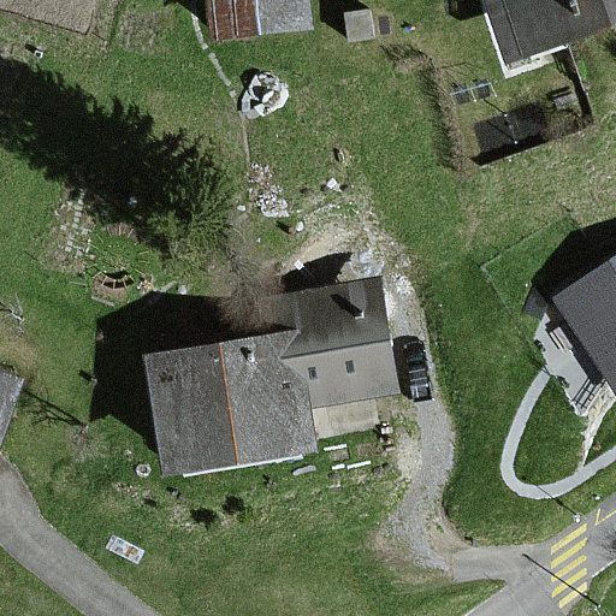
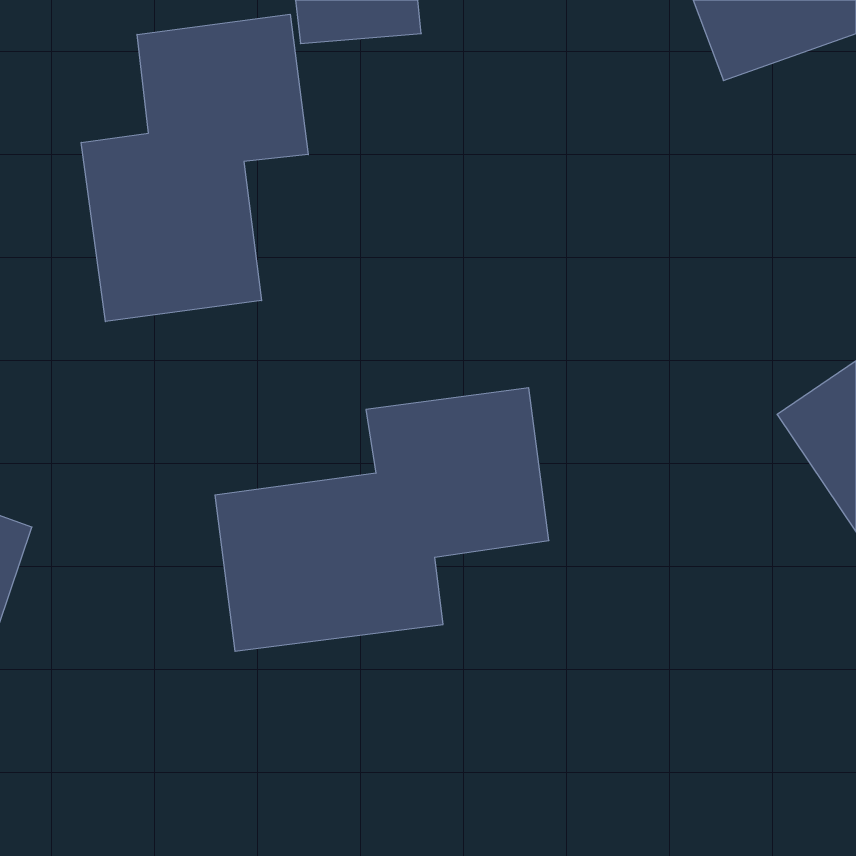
building: none -> [81,14,308,322]

